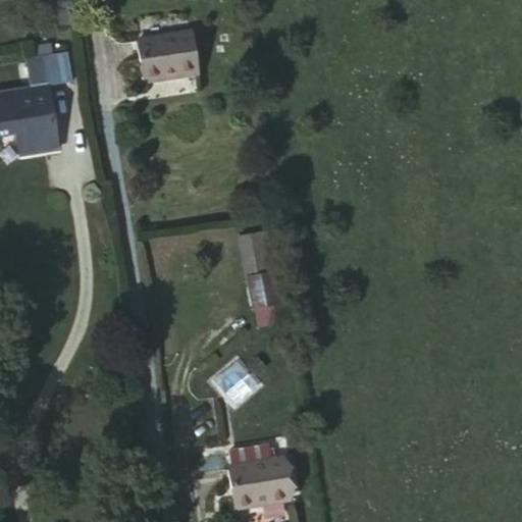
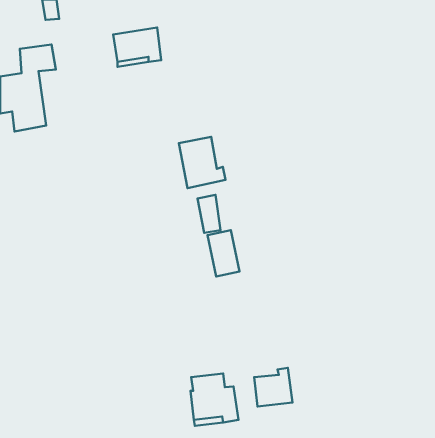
building: none -> [179,137,226,188]
building: none -> [254,368,292,407]

